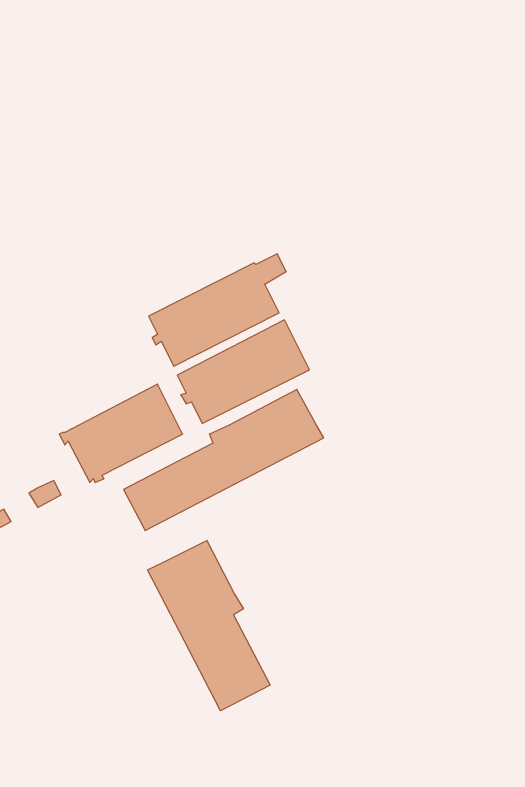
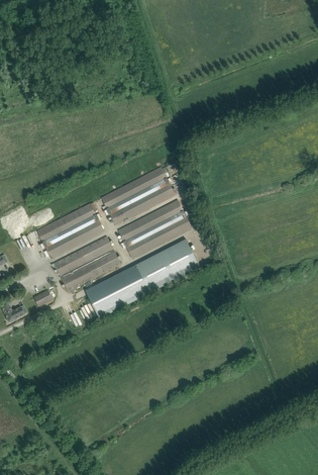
building: none -> [35,201,103,256]
building: [147,540,270,711] -> none

